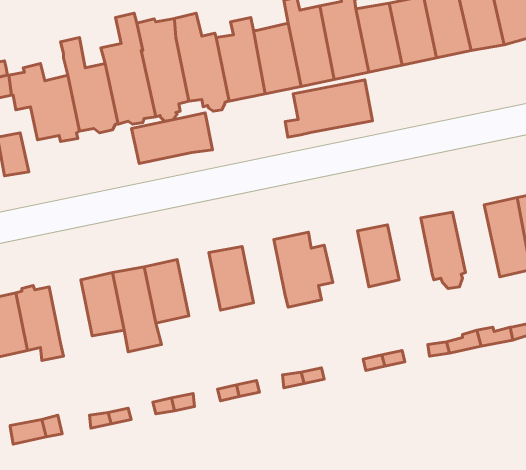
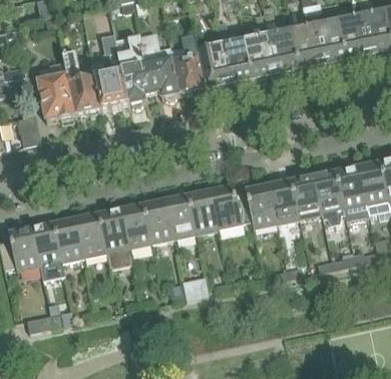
building: [285,80,372,137] -> none
building: [131,113,212,163] -> none
building: none -> [335,165,368,220]
building: none -> [290,174,321,218]
building: none -> [246,183,277,228]
building: none -> [188,190,219,234]
building: none -> [143,199,173,243]
building: none -> [54,218,84,262]

